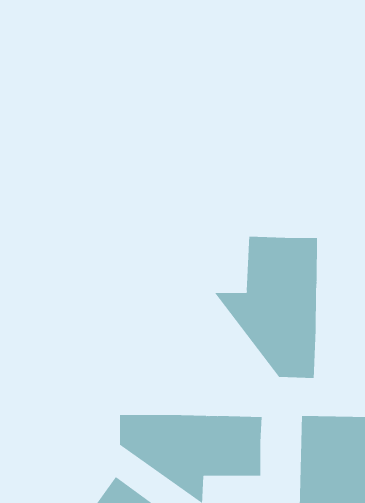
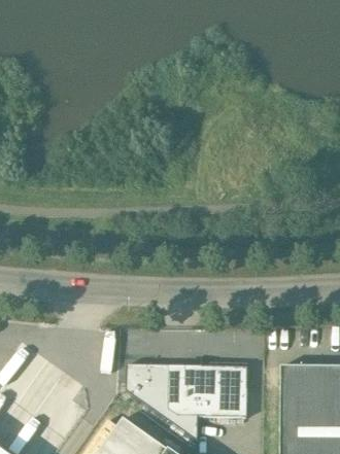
building: [214,236,318,379] -> none

